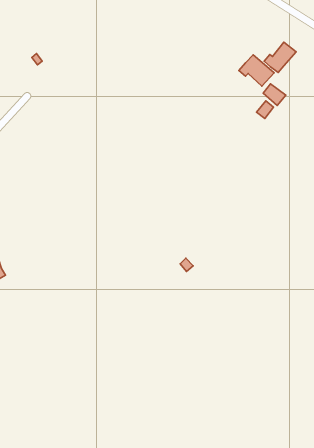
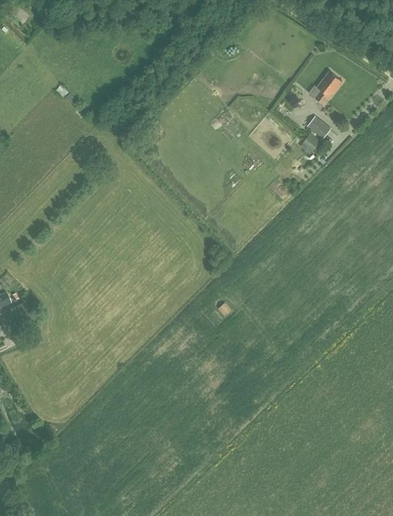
building: [239,55,274,86] -> none

